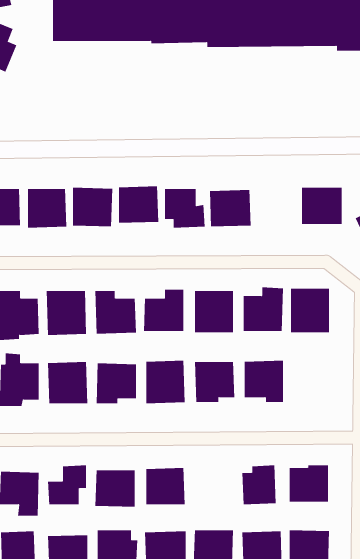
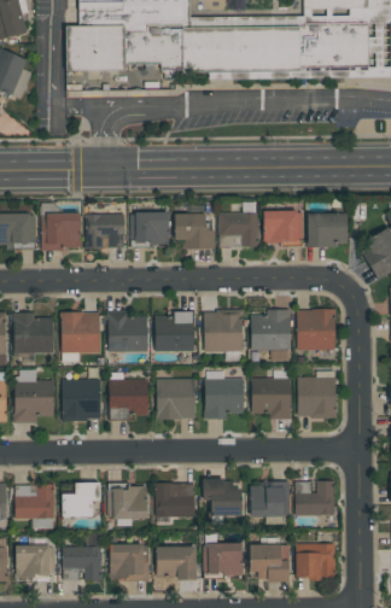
building: none -> [263,207,302,245]
building: none -> [297,370,335,419]
building: none -> [203,475,241,516]

